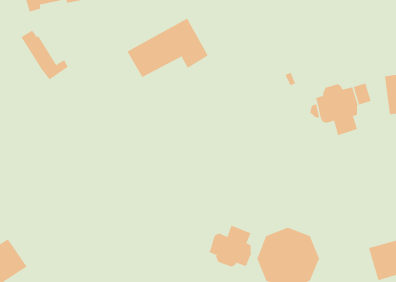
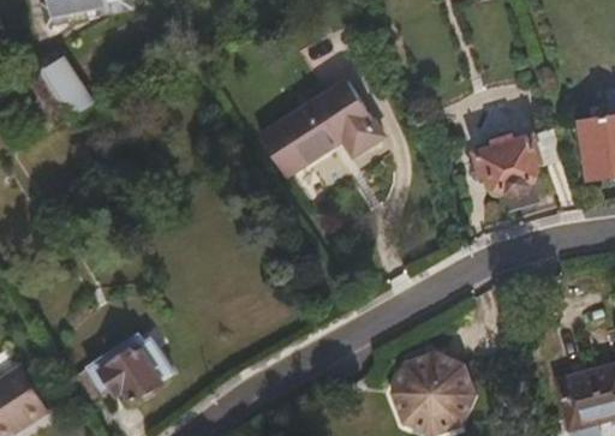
building: [127,18,208,78] -> [258,85,381,175]
building: none -> [72,334,172,405]
building: [209,225,252,268] -> none

